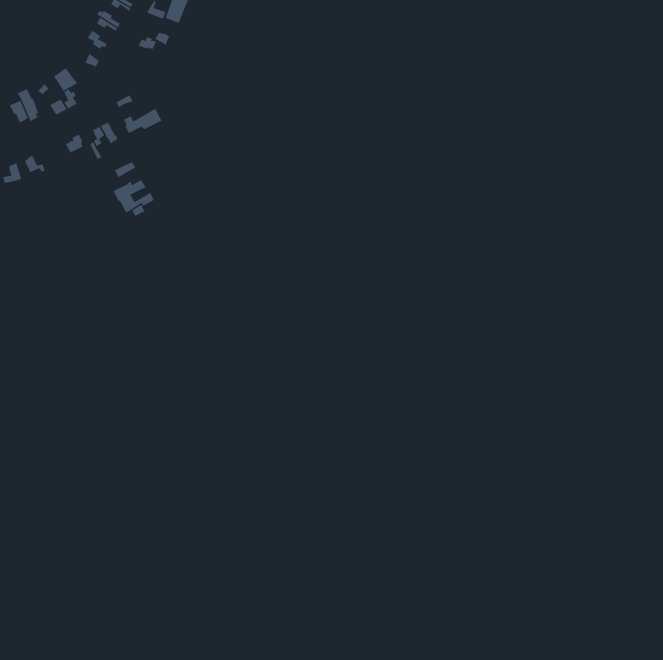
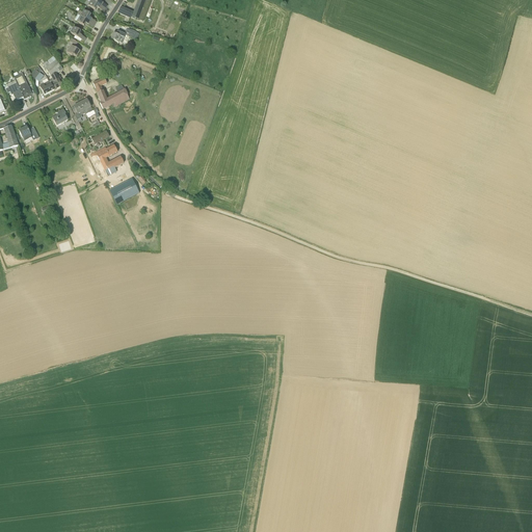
building: none -> [110,177,139,202]

